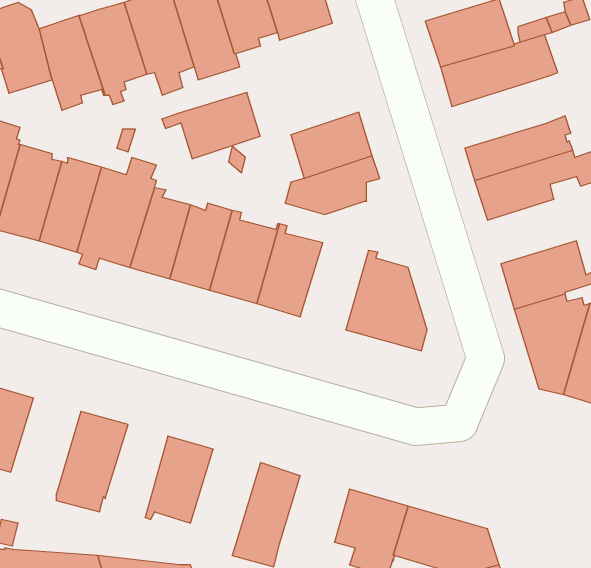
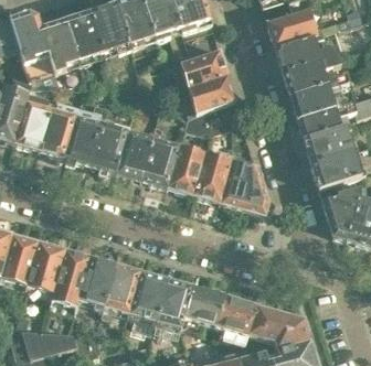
building: none -> [280,54,340,96]
building: [162,92,260,159] -> [169,50,226,88]
building: none -> [301,122,353,163]
building: none -> [192,151,232,202]
building: none -> [23,241,64,298]
building: none -> [78,257,115,311]
building: none -> [128,271,169,326]
building: none -> [180,287,221,331]

